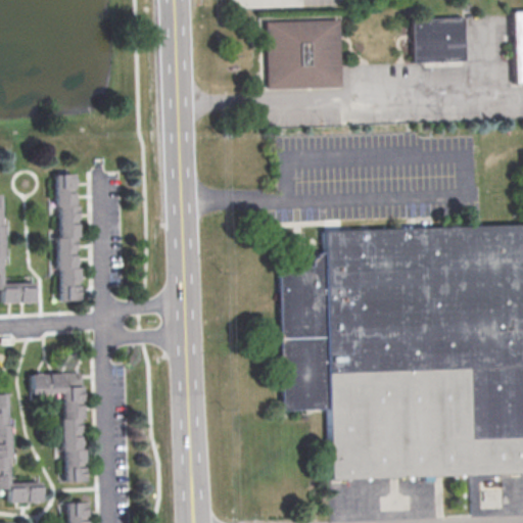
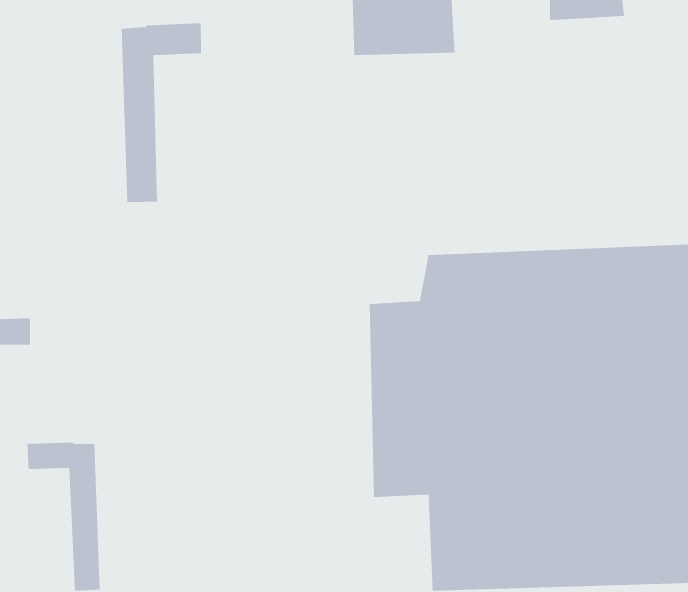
building: none -> [121,22,202,203]
building: [57,172,81,298] -> none

